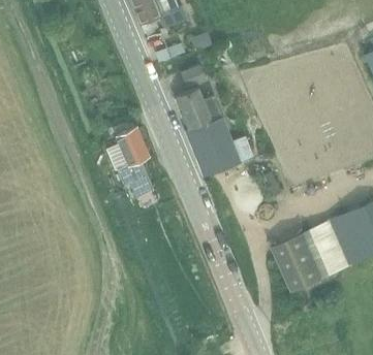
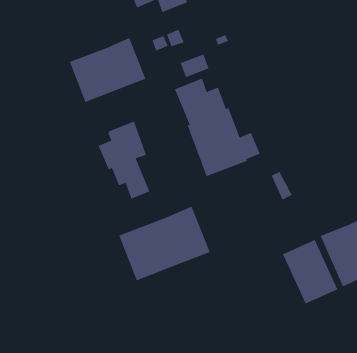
building: none -> [69,37,146,103]
building: none -> [118,206,210,281]

